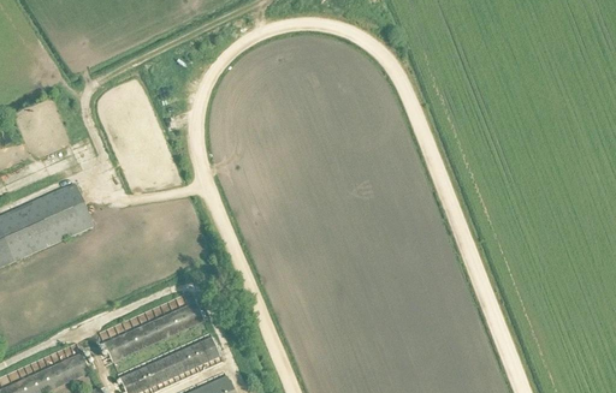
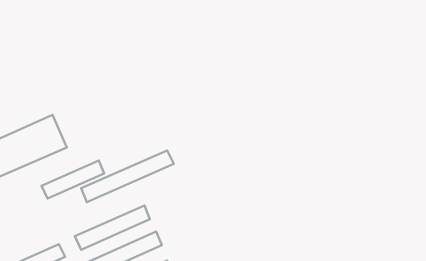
building: none -> [81,151,174,202]
building: none -> [42,161,104,198]

